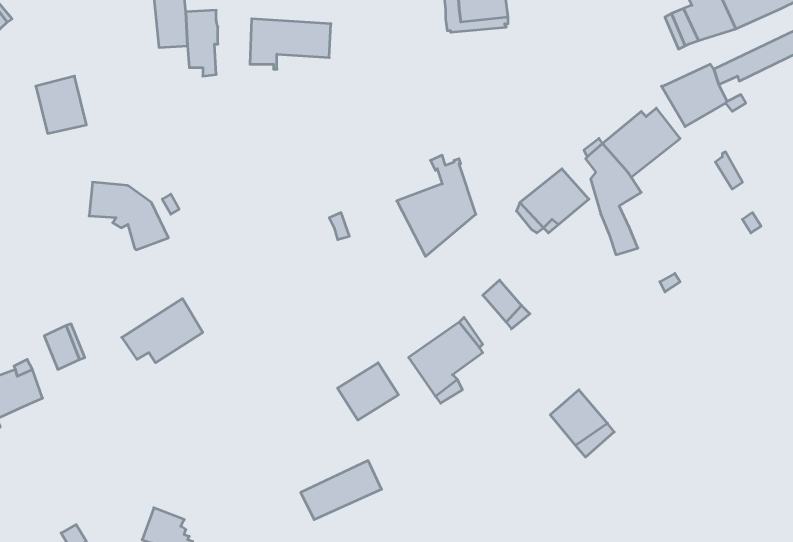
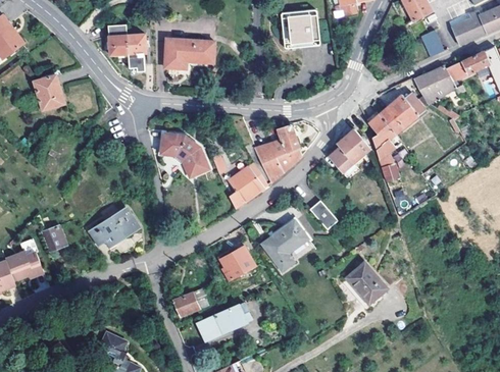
building: [89,182,168,250] -> [161,134,209,174]
building: none -> [229,163,267,208]
building: none -> [172,288,206,318]

